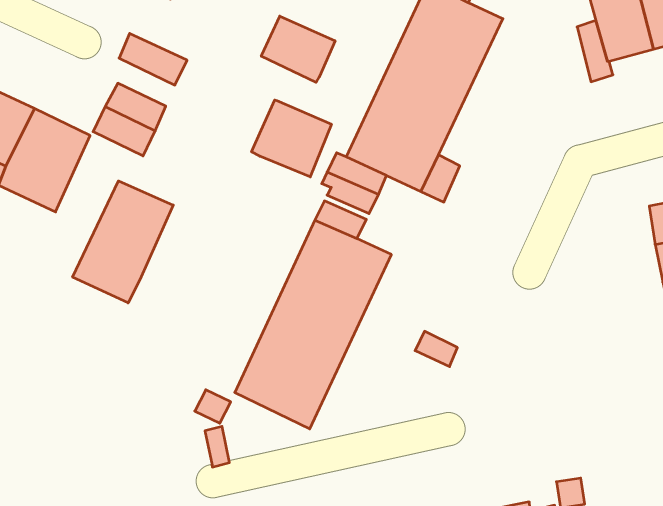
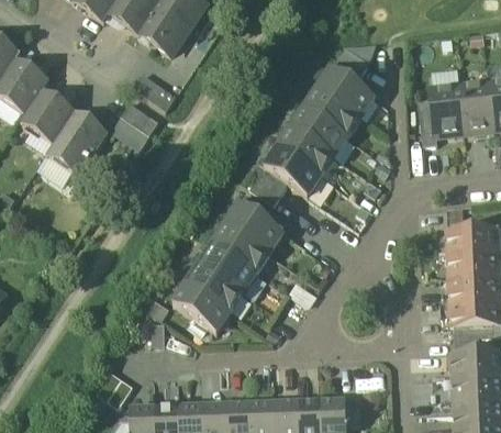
building: [261,16,335,82] -> none
building: [252,100,331,177] -> none
building: [73,181,173,303] -> none

